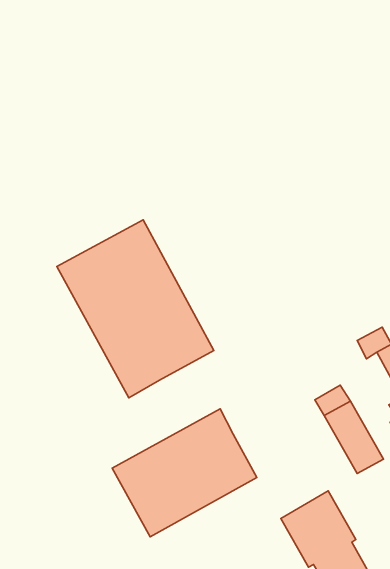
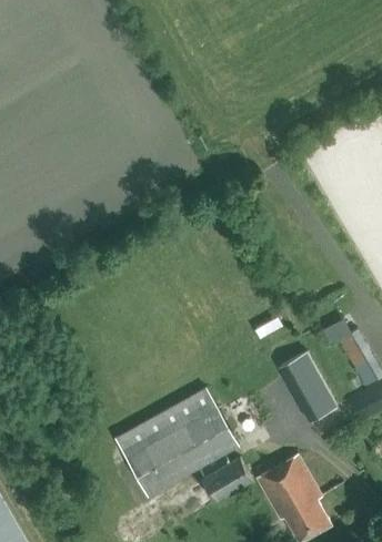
building: [57,220,214,398] -> none
building: none -> [202,458,253,503]

